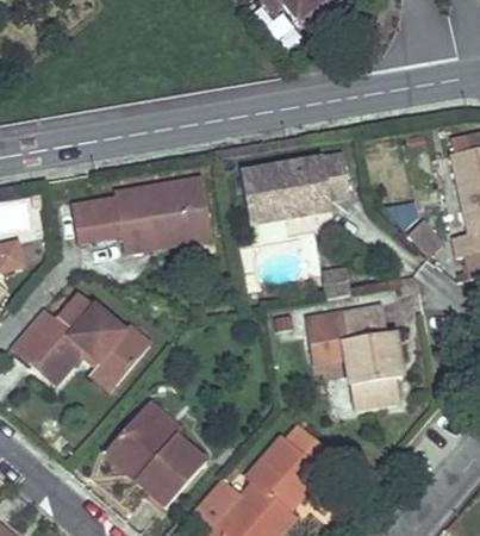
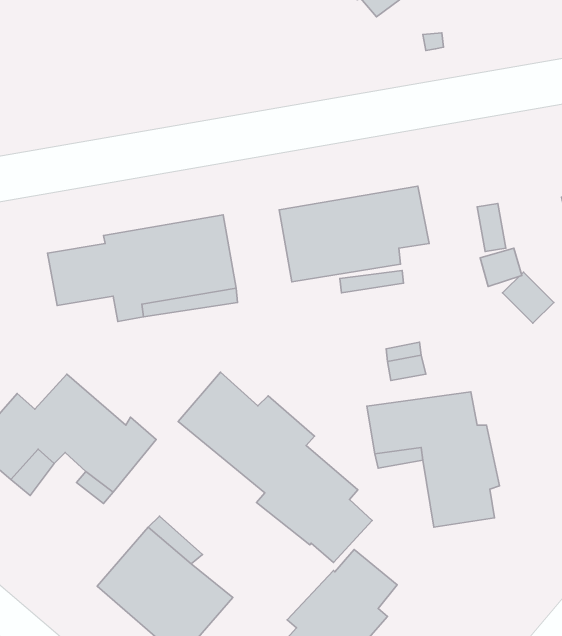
building: none -> [178,372,372,562]

